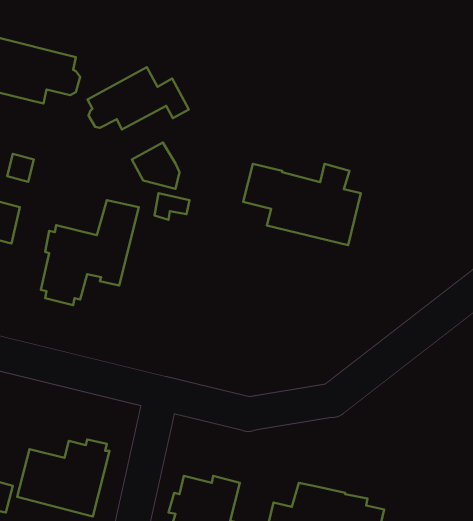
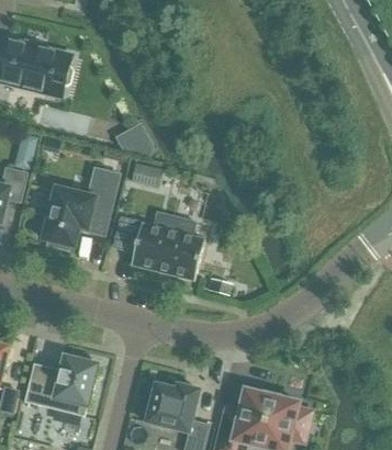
building: [88,67,189,130] -> none
building: [243,164,361,245] -> [112,215,204,279]

